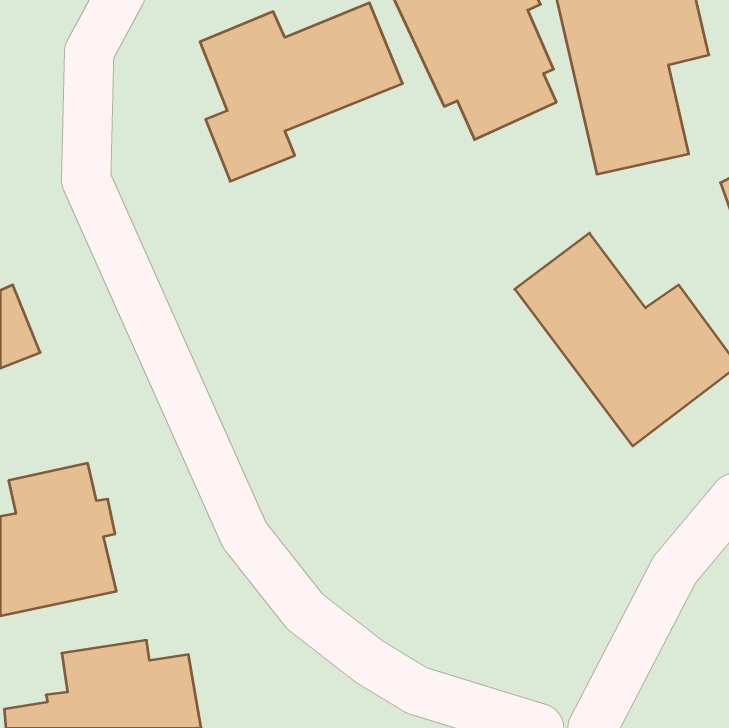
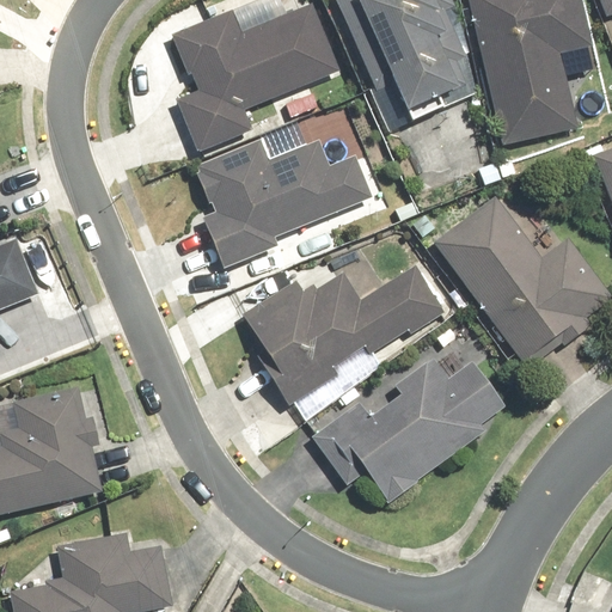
building: none -> [195,137,372,268]
building: none -> [235,265,445,408]
building: none -> [310,355,507,506]

